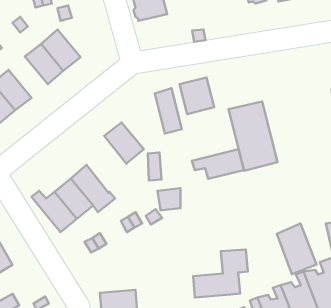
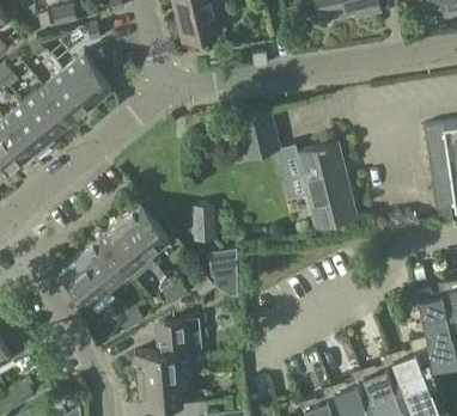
building: none -> [23,87,72,139]
building: [155,88,182,134] -> none
building: [104,122,144,164] -> [120,206,169,257]
building: [192,149,244,179] -> none
building: [277,224,316,274] -> none
building: [193,249,248,297] -> [134,322,202,381]

